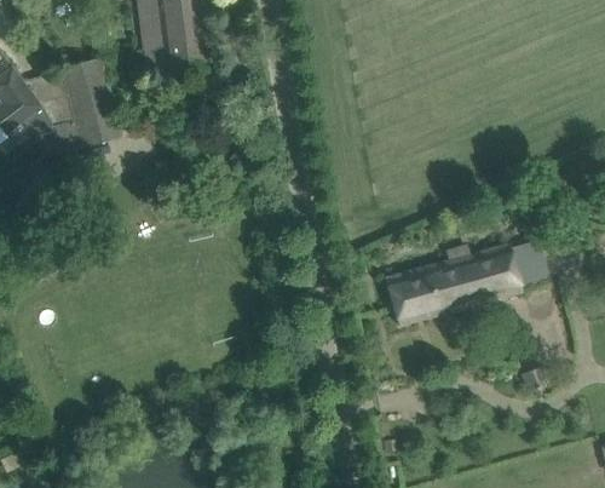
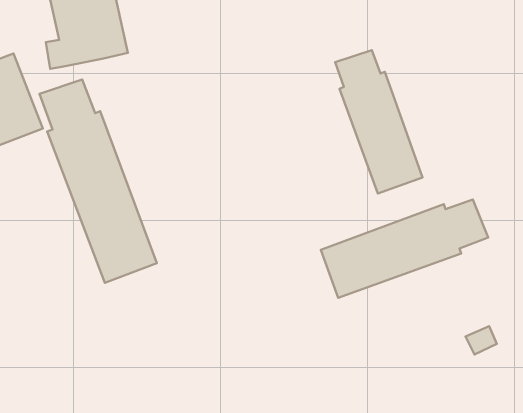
building: none -> [335,50,423,194]
building: none -> [39,80,157,283]

